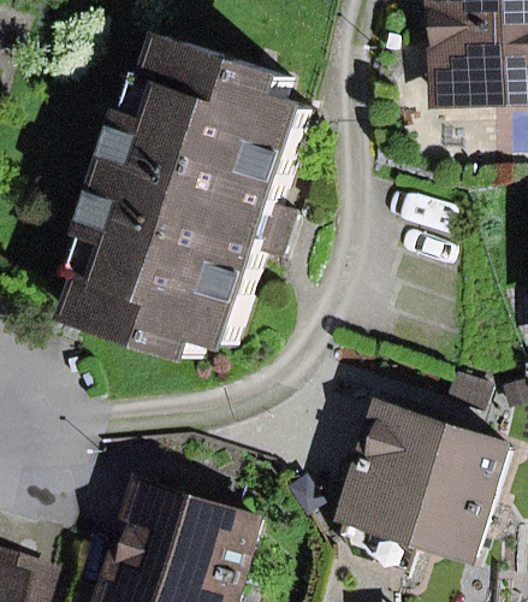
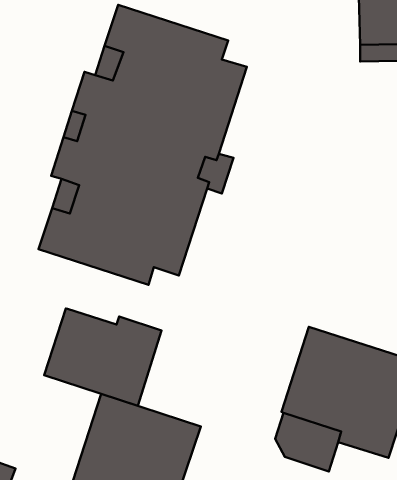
building: none -> [44,309,161,406]

